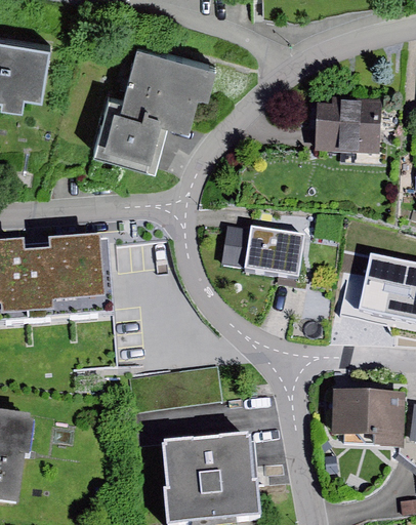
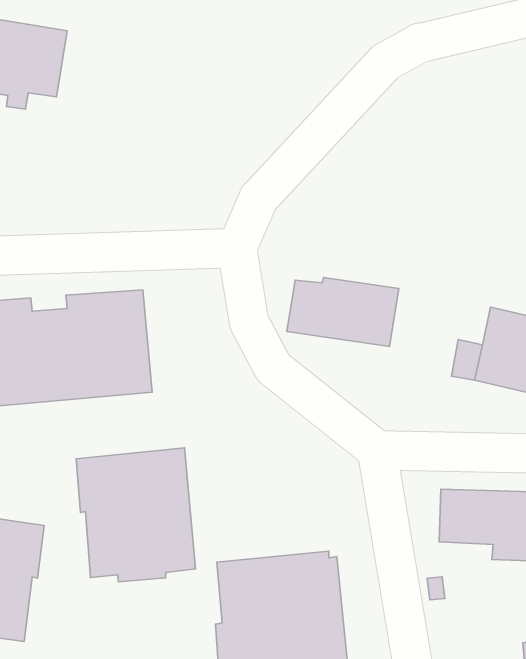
building: [86,44,208,170] -> none
building: [310,99,377,156] -> none
building: none -> [76,448,195,582]

